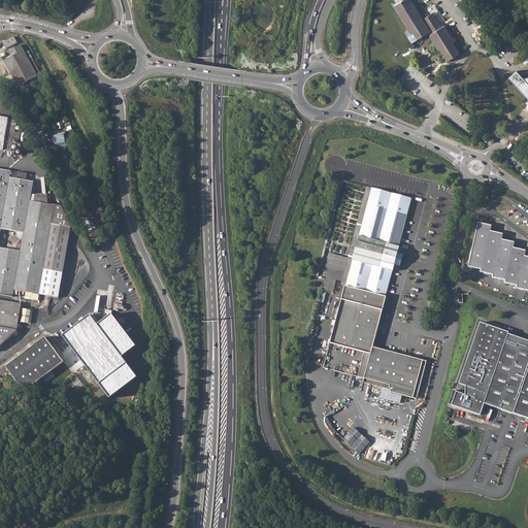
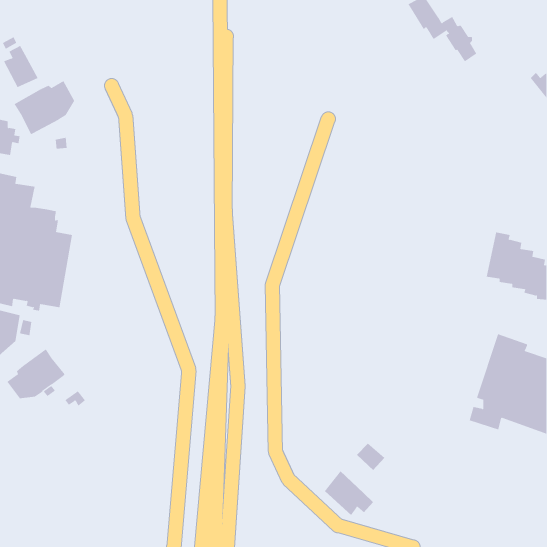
building: none -> [14,80,75,135]
building: [329,187,422,397] -> none
building: [65,320,141,403] -> none
building: none -> [324,471,374,516]

